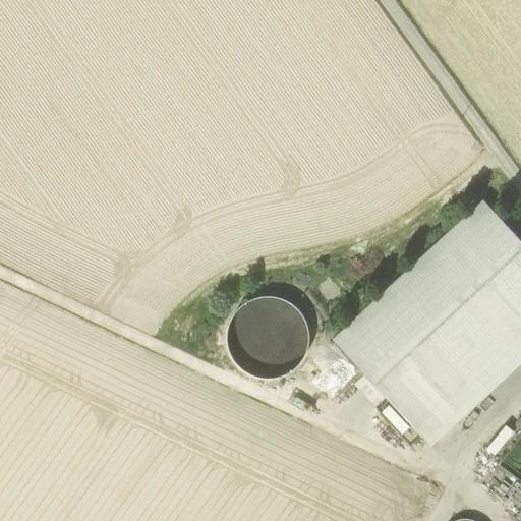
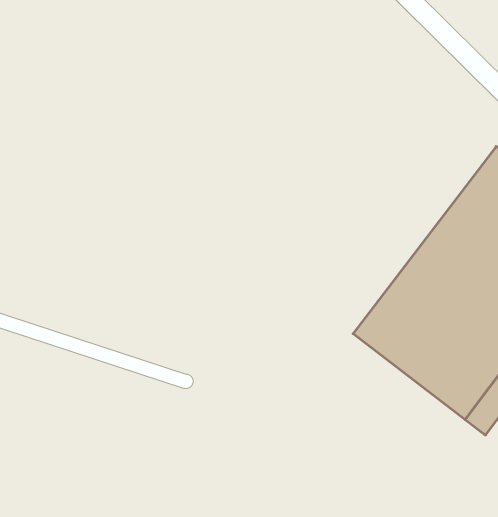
building: [228,296,308,377] -> none

